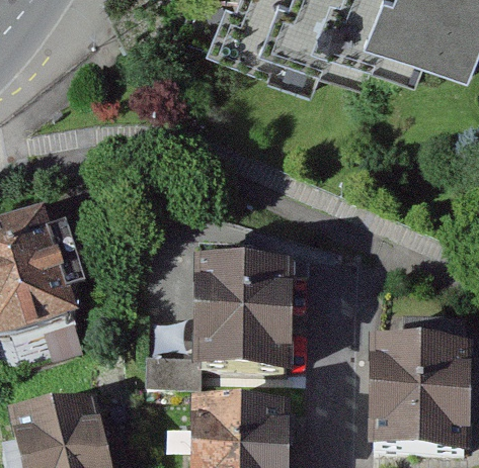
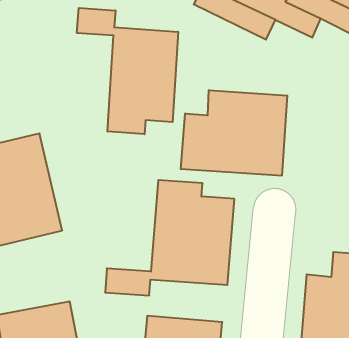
building: none -> [77,8,178,134]
building: none -> [181,90,287,176]

